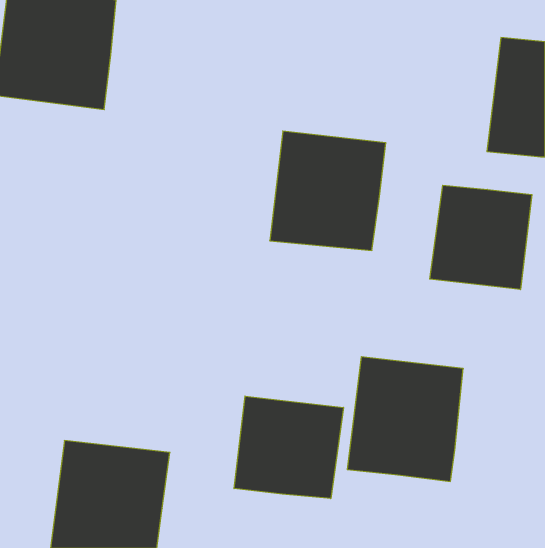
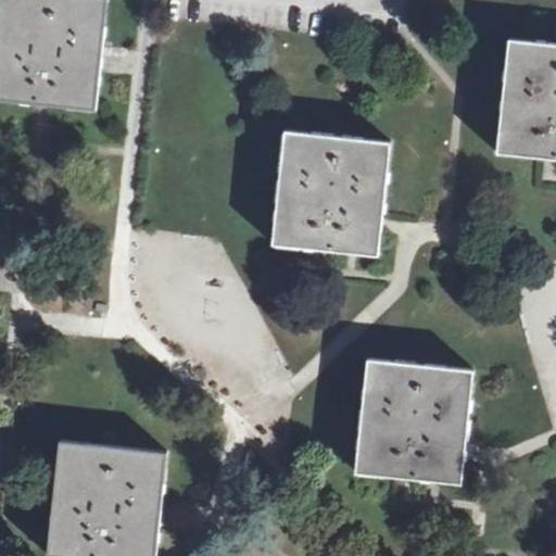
building: [430,185,532,290] -> none
building: [234,396,343,499] -> none

